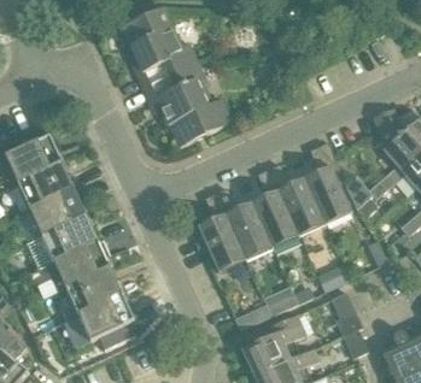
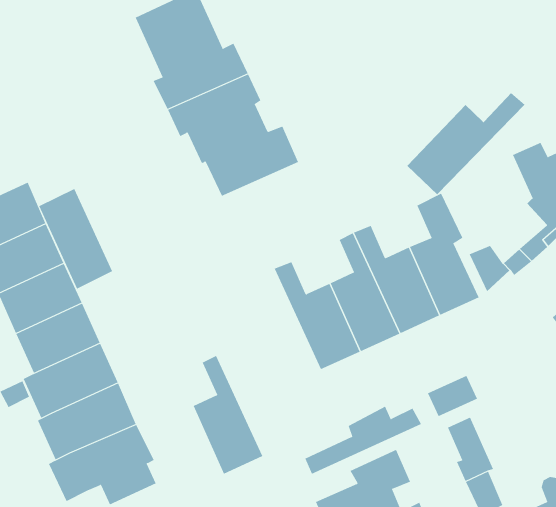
building: none -> [407,92,525,195]
building: none -> [39,188,113,289]
building: [199,193,246,272] -> [193,355,263,474]

